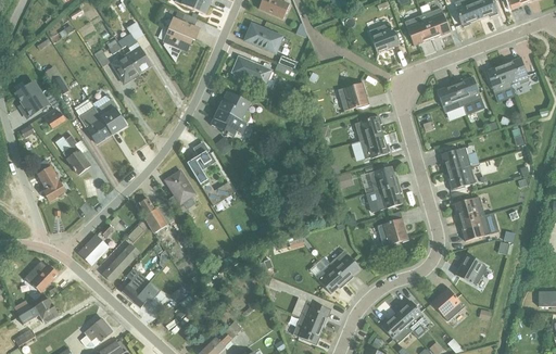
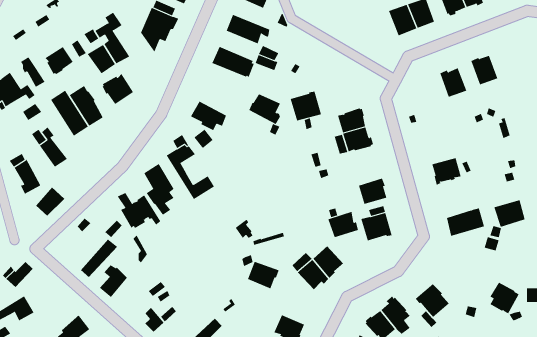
building: [368,21,397,52] -> none
building: none -> [44,46,73,75]
building: [502,54,528,86] -> none
building: [337,80,368,110] -> [290,91,322,121]
building: [435,80,462,112] -> none
building: none -> [102,73,134,105]
building: [218,91,250,122] -> [249,94,281,125]
building: [439,146,478,169] -> none
building: [367,164,397,190] -> [328,211,359,238]
building: [453,194,484,222] -> [493,200,526,227]
building: [78,233,108,263] -> [35,187,65,217]
building: [457,253,486,285] -> [490,282,520,314]
building: [132,280,164,306] -> none
building: [299,299,330,326] -> [247,261,280,289]

